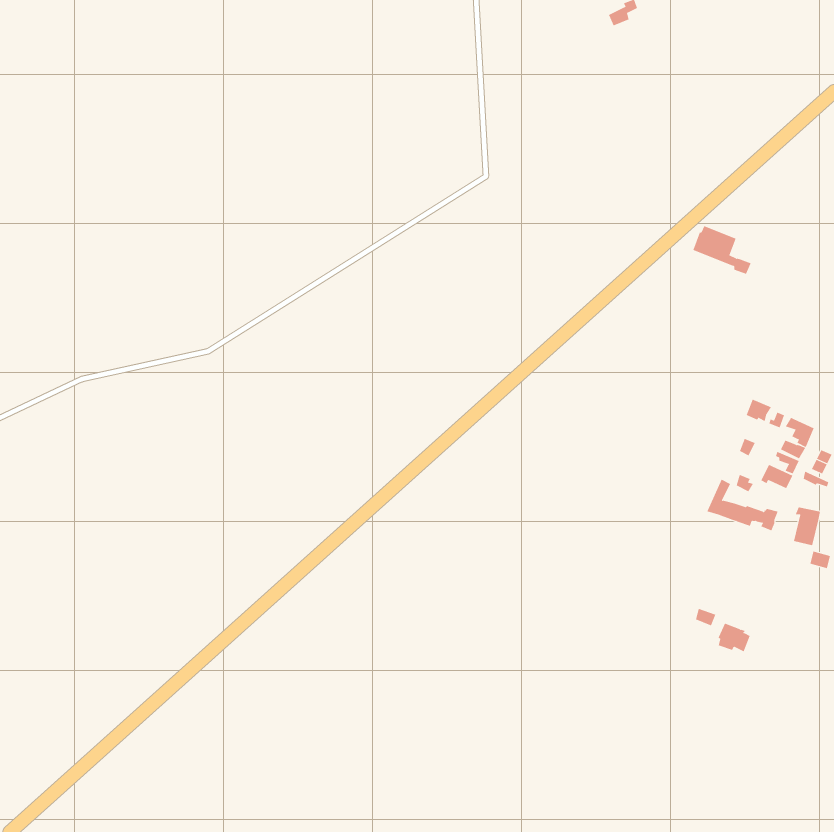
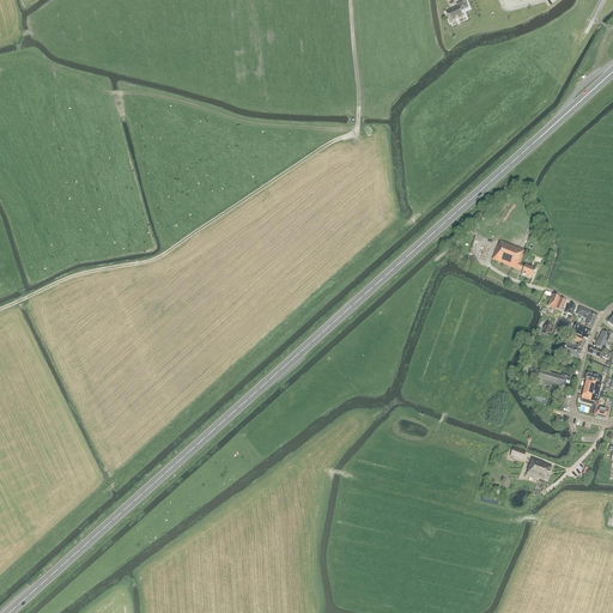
building: [693,226,751,275] -> [491,239,534,275]

